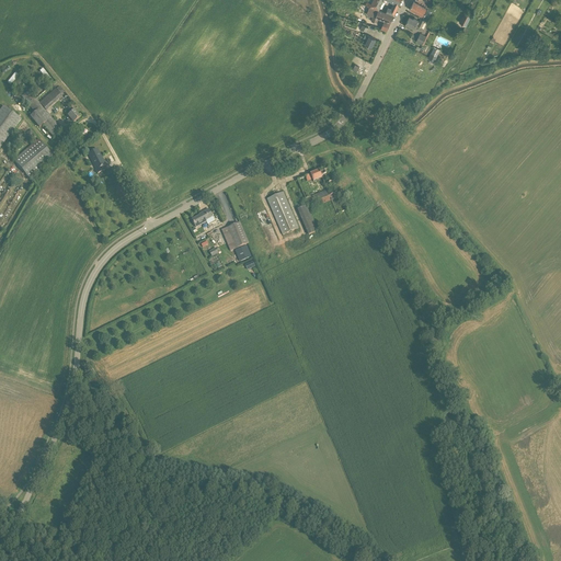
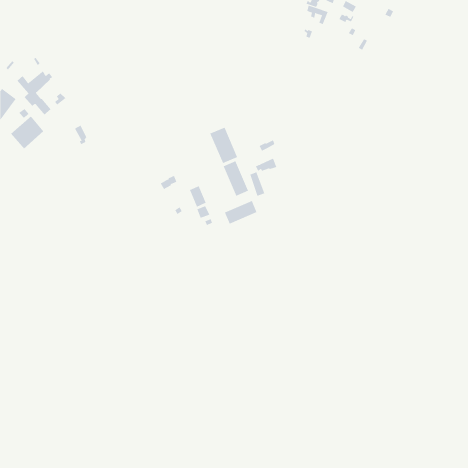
building: none -> [210,127,238,164]
building: none -> [224,200,257,224]

